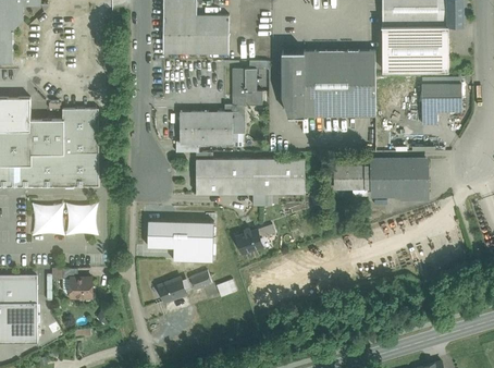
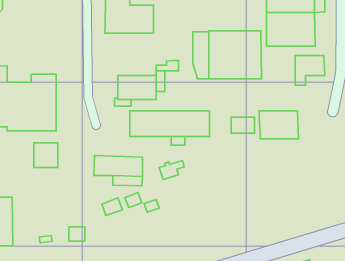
building: [233,69,257,97] -> none
building: [33,203,65,236] -> none
building: [71,278,92,297] -> [69,227,85,241]

